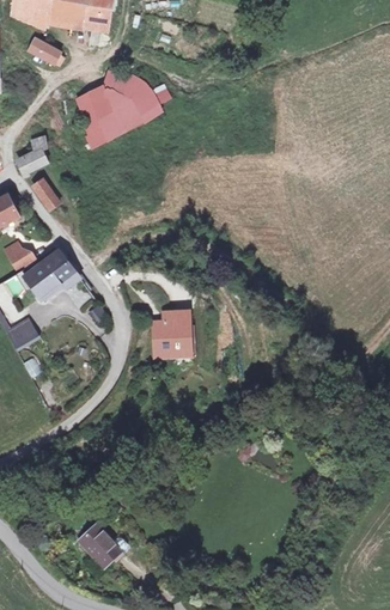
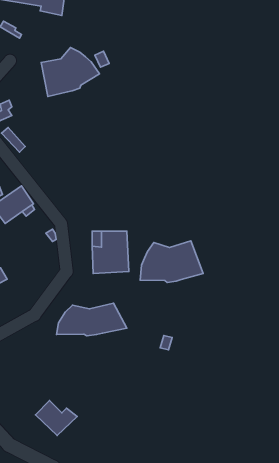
building: none -> [140,241,203,282]
building: none -> [57,303,127,336]

